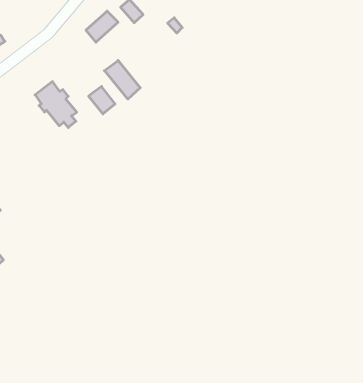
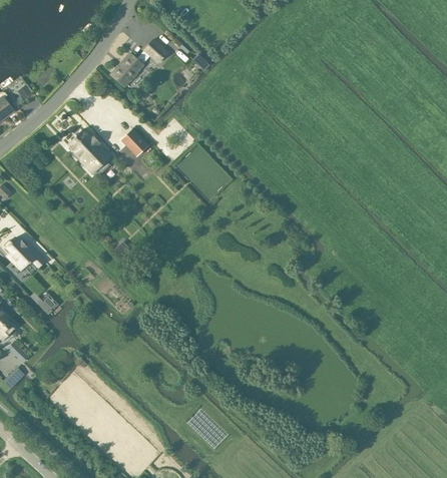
building: [104,60,140,99] -> none

